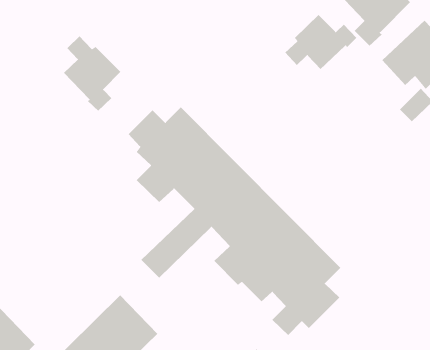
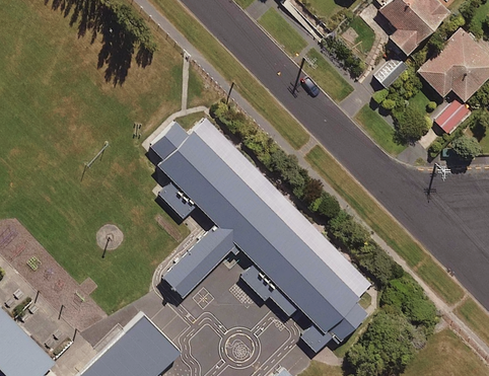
building: [284,14,357,70] -> none
building: [63,36,121,112] -> none

